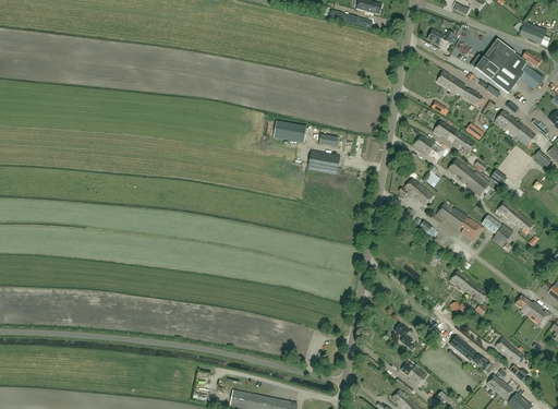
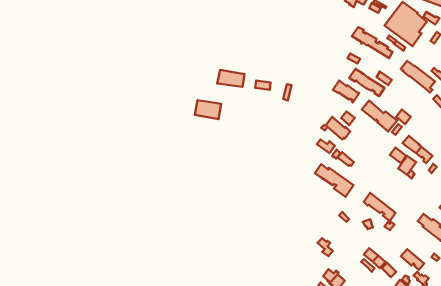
building: [308,151,340,173] -> [195,100,221,119]
building: [437,203,484,242] -> [315,164,354,197]

